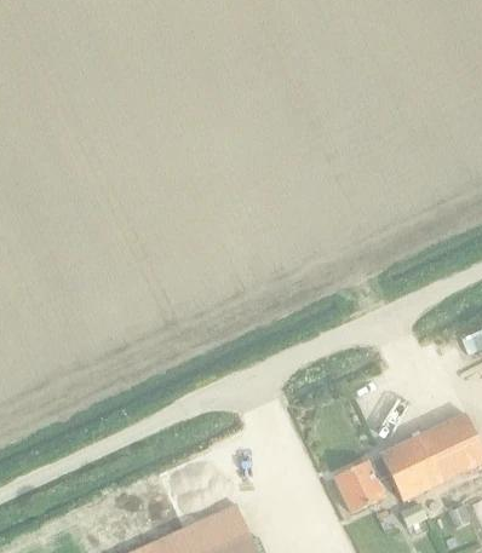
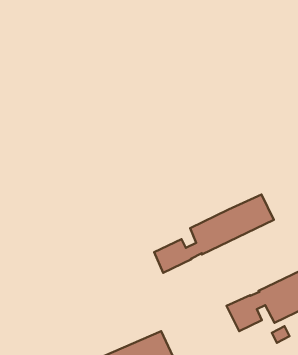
building: none -> [154,194,274,273]

